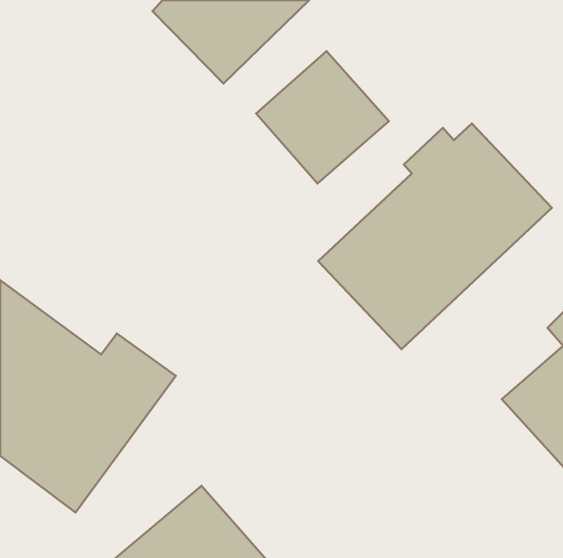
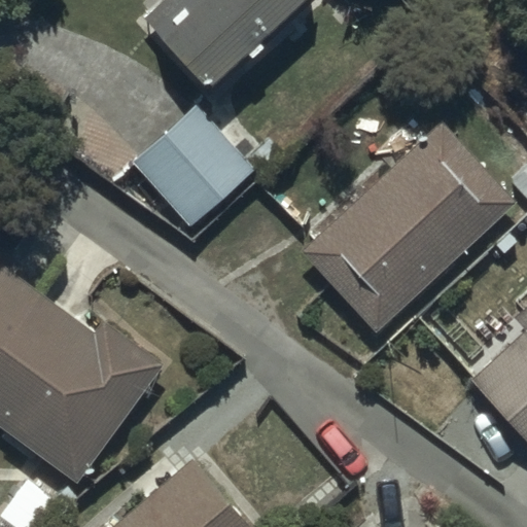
building: [256,51,389,183] -> [131,105,253,227]

